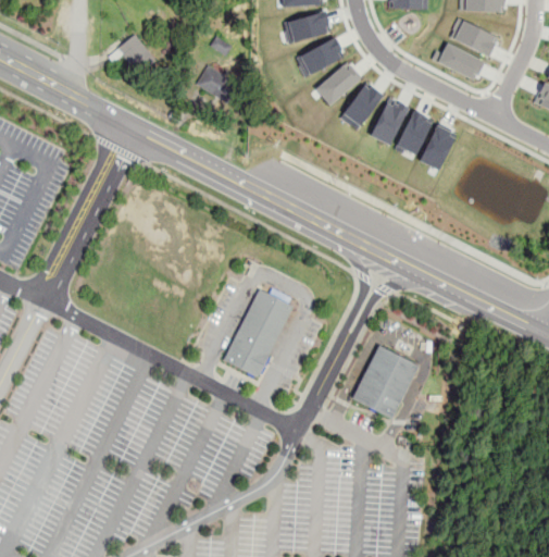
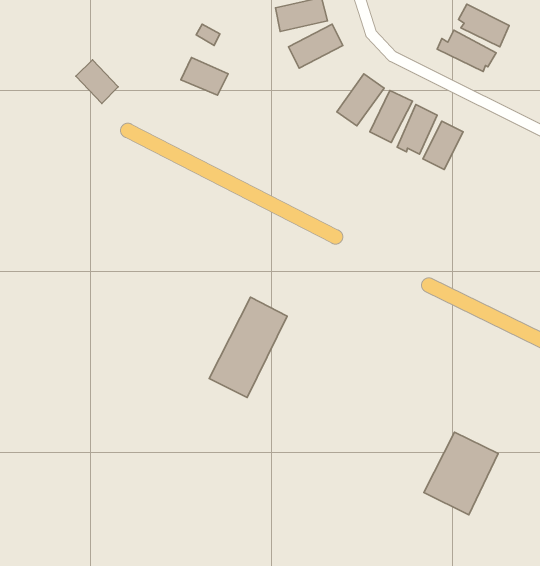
building: [118,34,158,74] -> [76,60,118,103]
building: [316,61,362,104] -> none
building: [352,344,421,420] -> [424,432,498,515]

